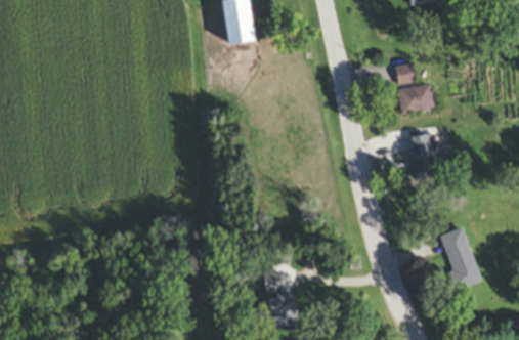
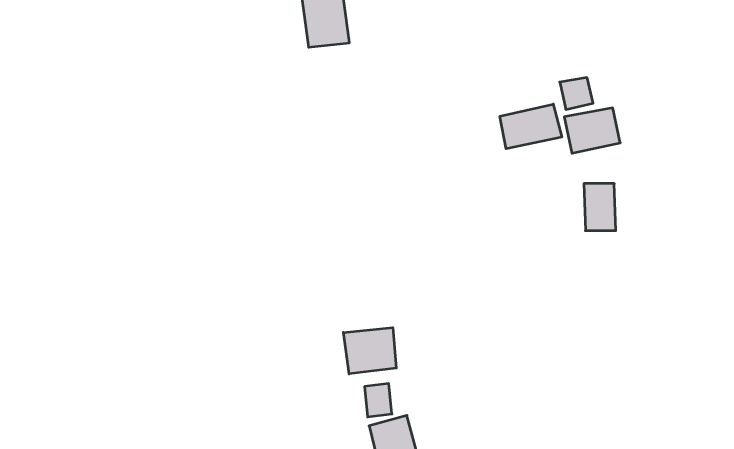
building: none -> [500,104,562,149]
building: [442,227,481,289] -> none
building: none -> [343,328,396,374]

